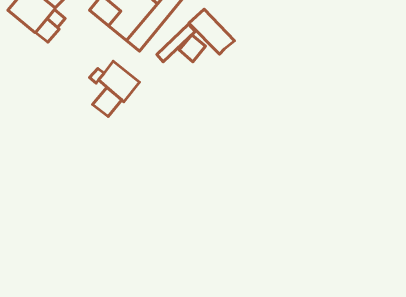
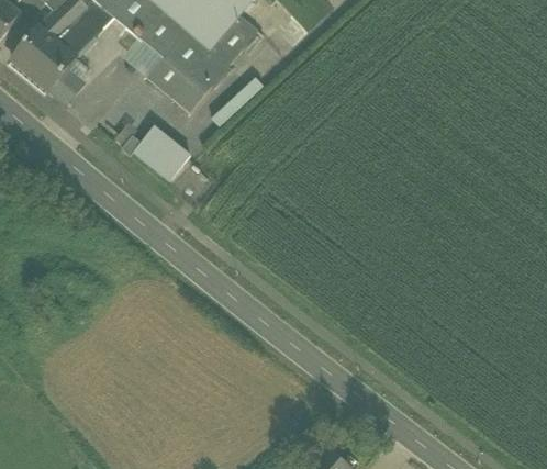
building: [189,9,234,54] -> none
building: [179,35,205,62] -> none
building: [93,88,122,116] -> none

